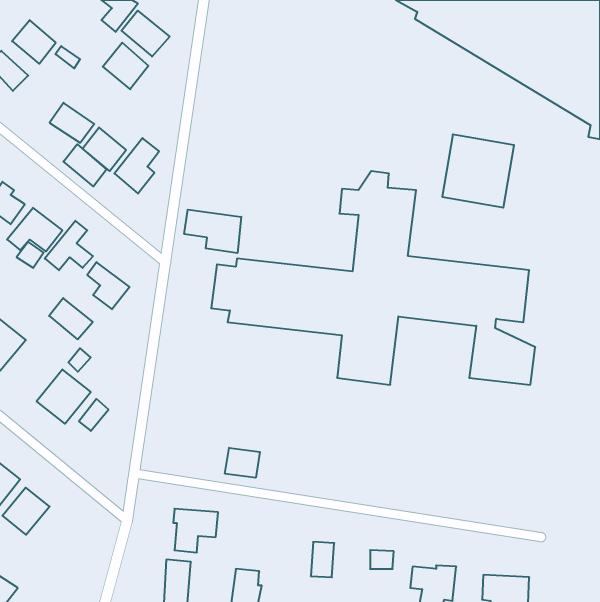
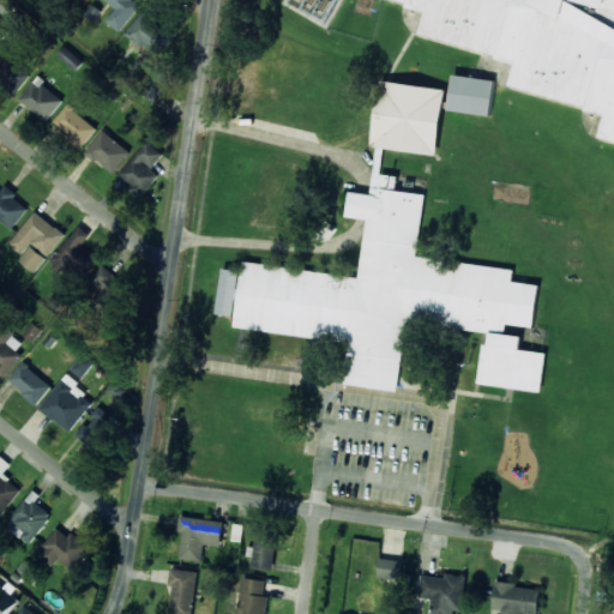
building: [12,20,56,64] -> [17,78,61,122]
building: [103,43,148,89] -> none
building: none -> [447,73,493,115]
building: [442,134,514,208] -> [369,78,443,152]
building: [63,144,106,186] -> none
building: [184,210,241,253] -> none
building: [49,298,93,339] -> [6,363,50,405]
building: [225,448,260,478] -> none
building: none -> [36,530,88,570]
building: [311,542,334,577] -> [251,535,275,571]

